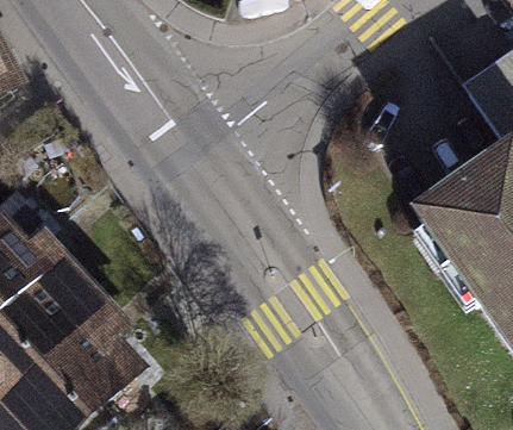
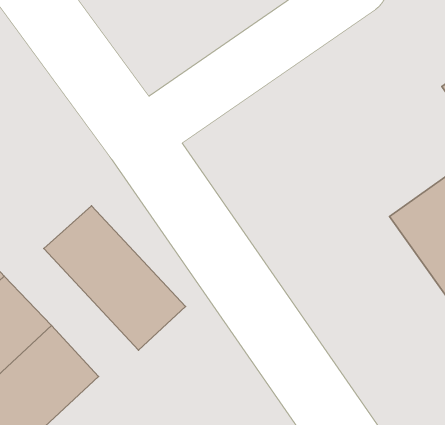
building: none -> [44,206,185,350]

